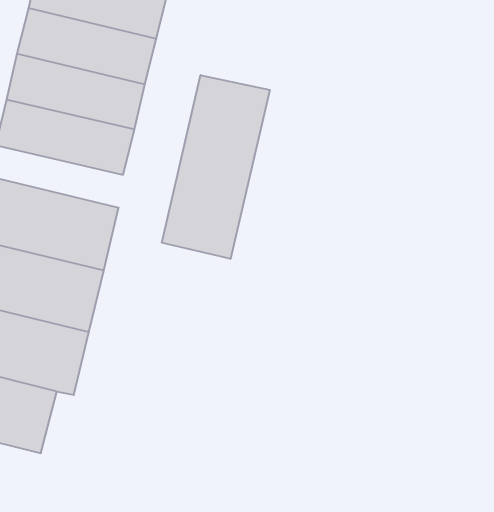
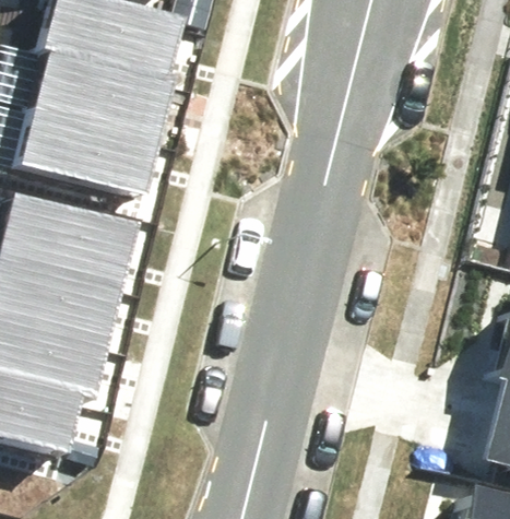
building: [162,75,270,259] -> none

